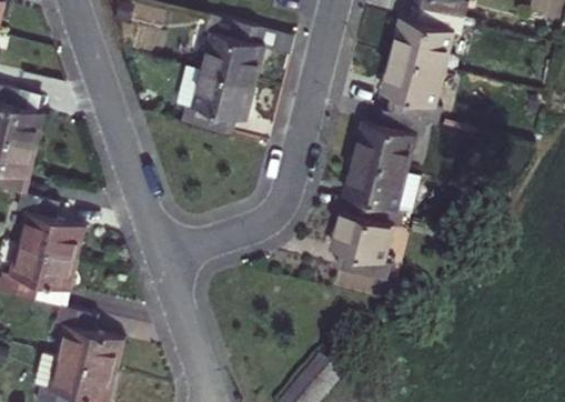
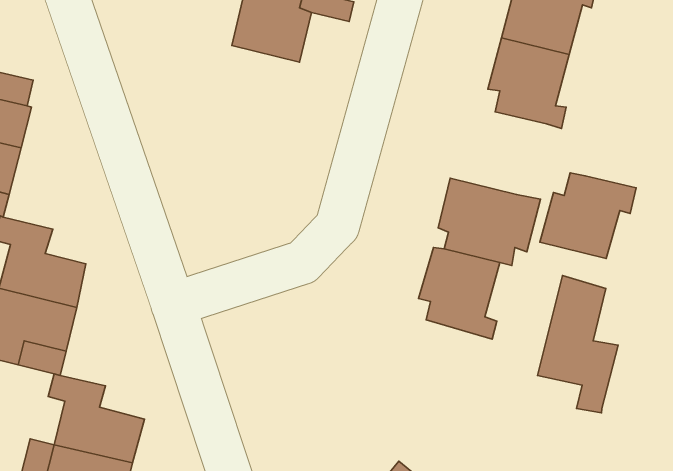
building: [171,62,242,123] -> none
building: [353,109,424,172] -> [540,173,636,259]
building: none -> [538,275,618,413]

